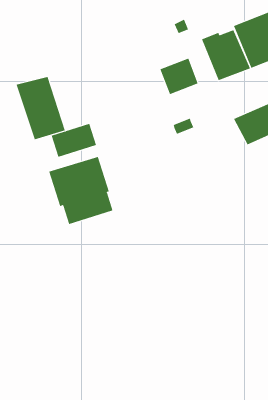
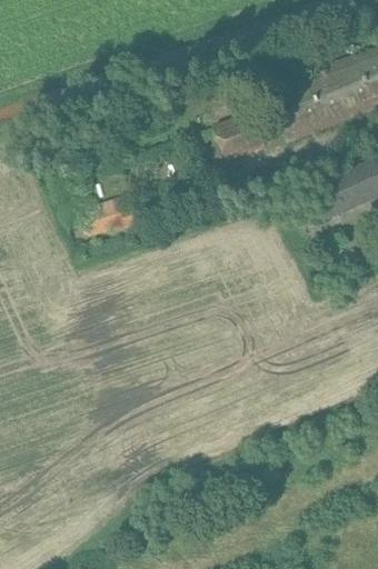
building: [16,76,65,140] -> none
building: [48,156,113,225] -> none

